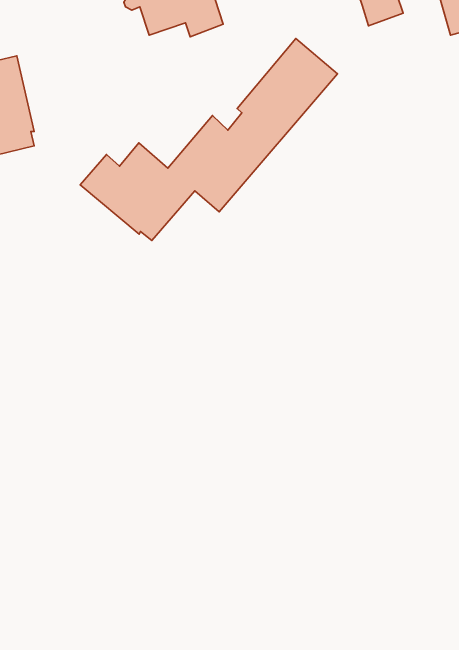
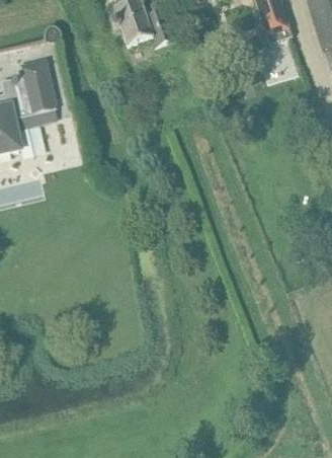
building: [80,39,337,241] -> none

